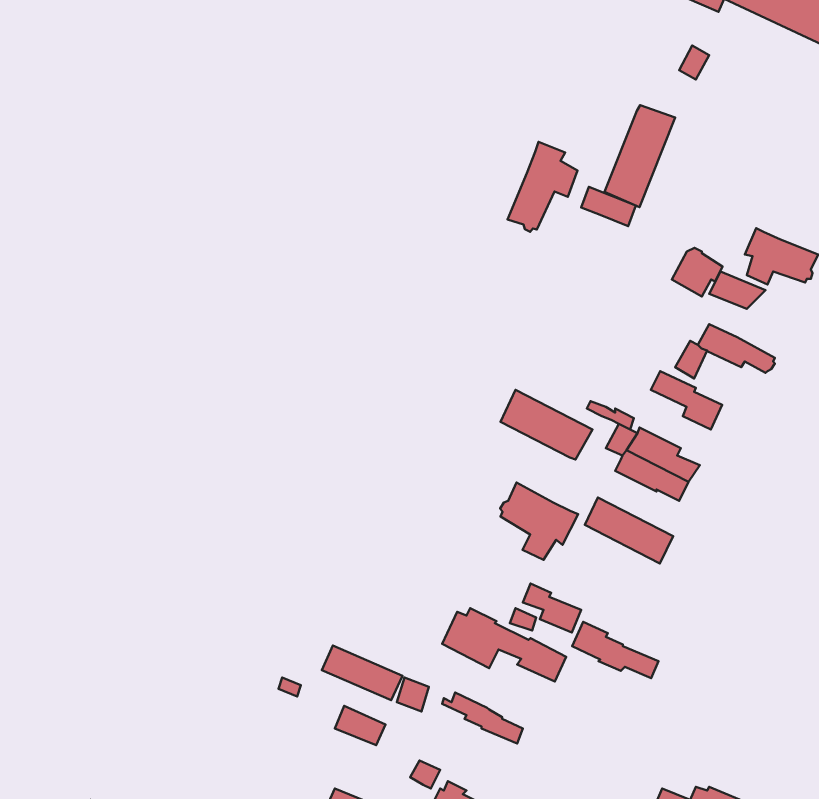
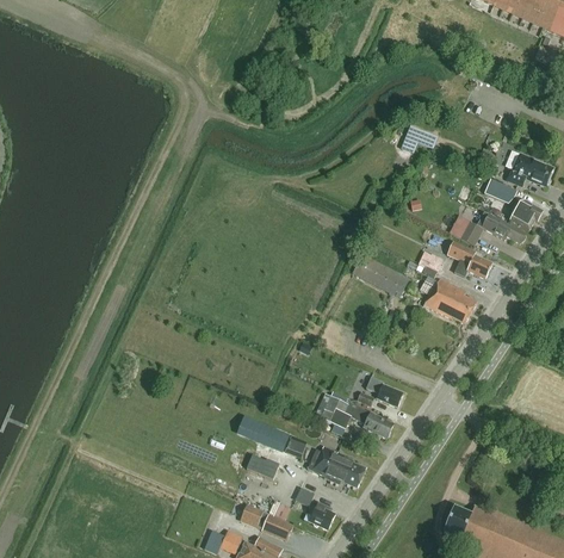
building: [605,105,675,207] -> none
building: [508,142,578,232] -> none
building: [672,248,723,297] -> [510,199,543,230]
building: [500,482,578,560] -> none
building: [585,498,673,563] -> none
building: [572,622,659,678] -> [308,452,362,488]

